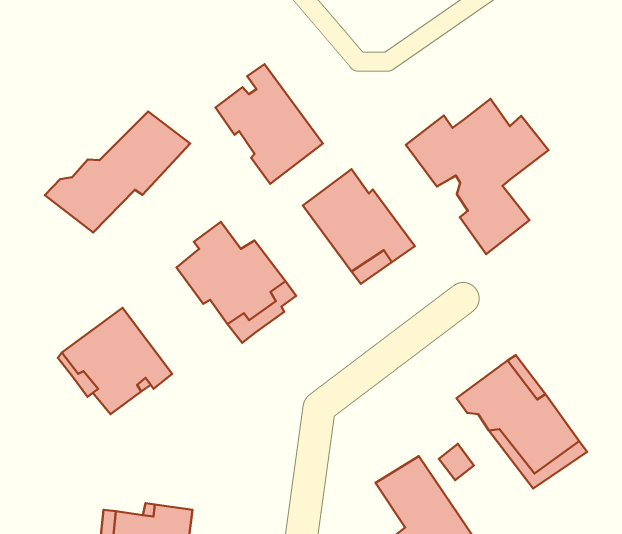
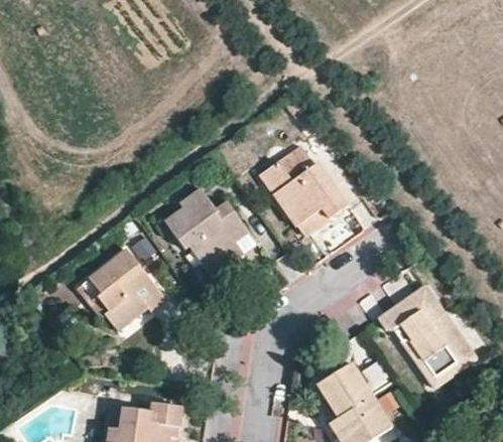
building: [216,64,323,184] -> none
building: [406,99,548,254] -> none
building: [45,111,190,233] -> none

